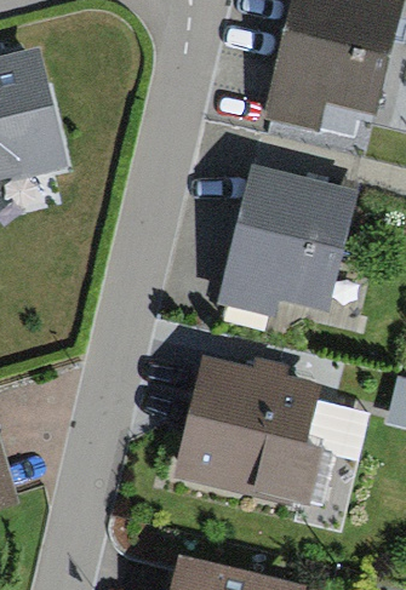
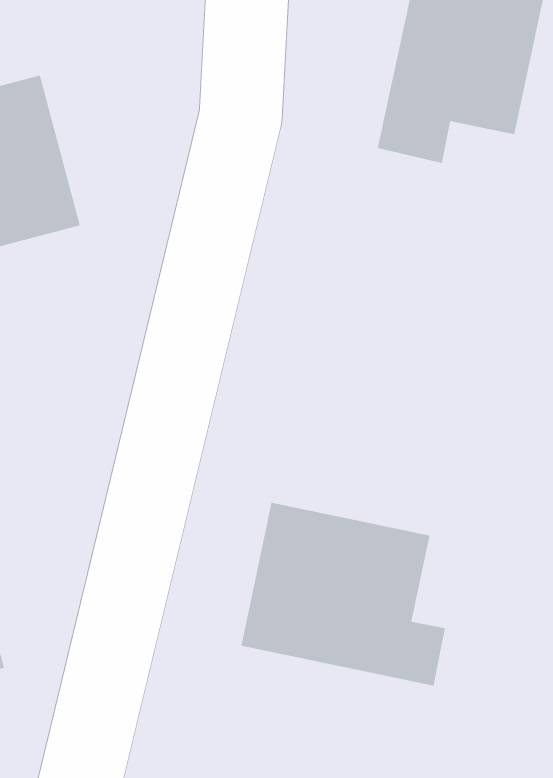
building: [224,176,350,309] -> none

